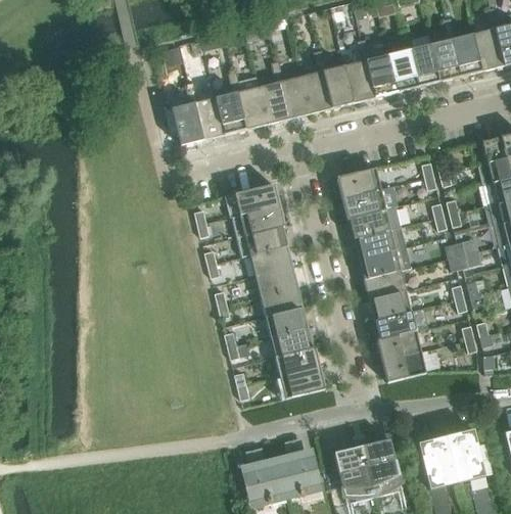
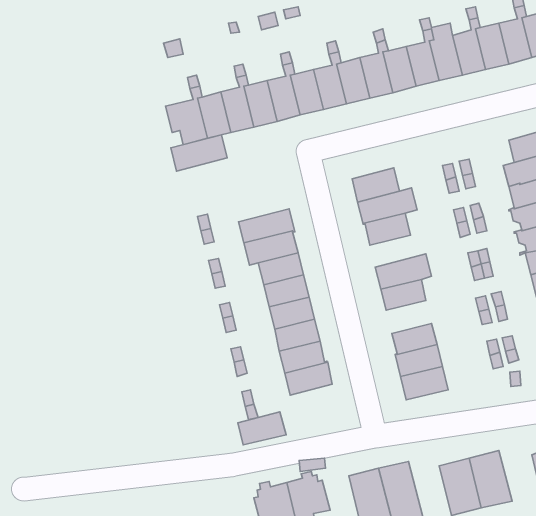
building: [227,183,279,217] -> [171,135,227,171]
building: [354,226,406,259] -> none
building: [369,289,411,320] -> none
building: [280,367,325,398] -> [238,412,286,445]

